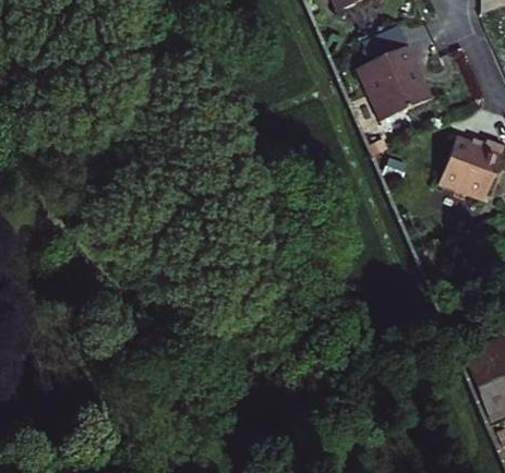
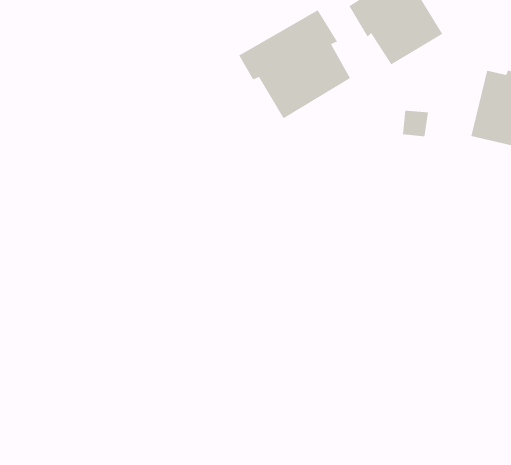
building: none -> [238,9,351,119]

